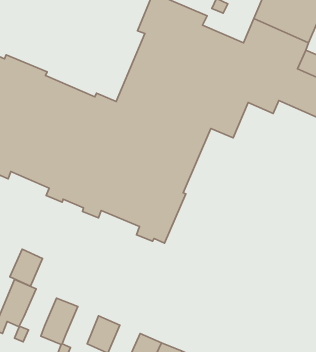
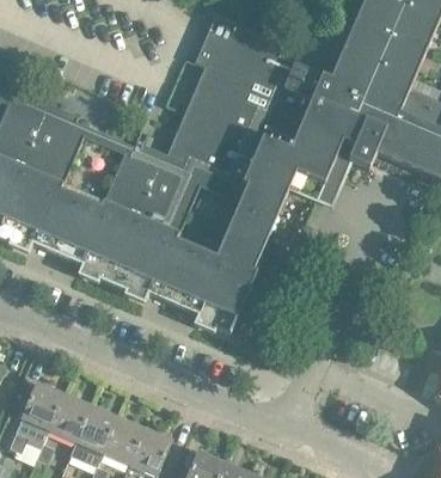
building: [10,249,42,286] -> [48,393,90,441]
building: none -> [102,416,143,464]

